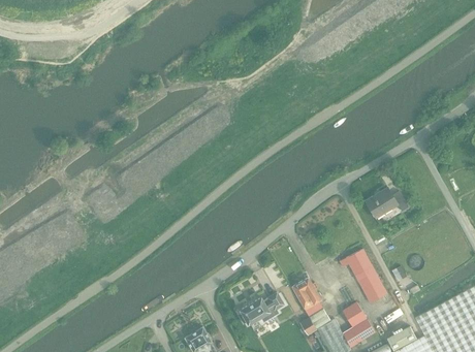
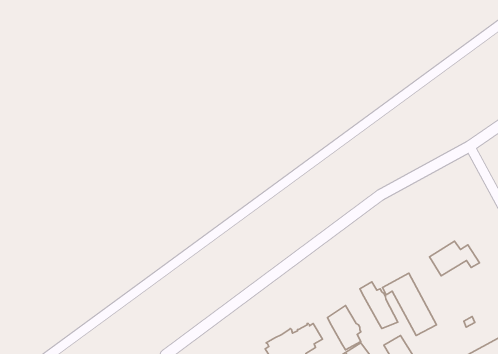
building: [365,188,408,218] -> [429,241,480,276]
building: none -> [360,282,398,328]

